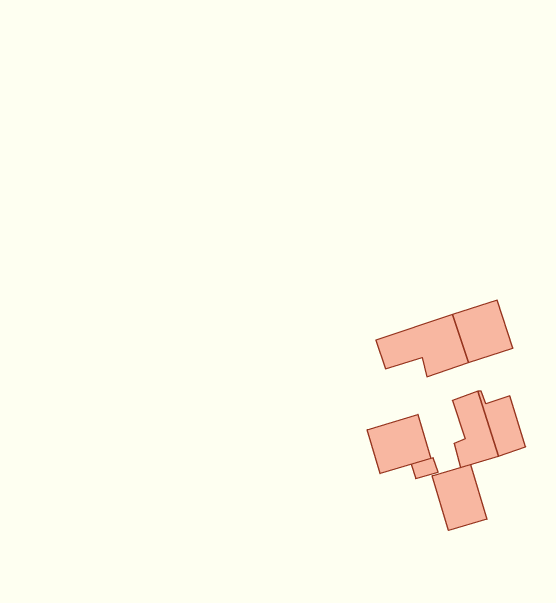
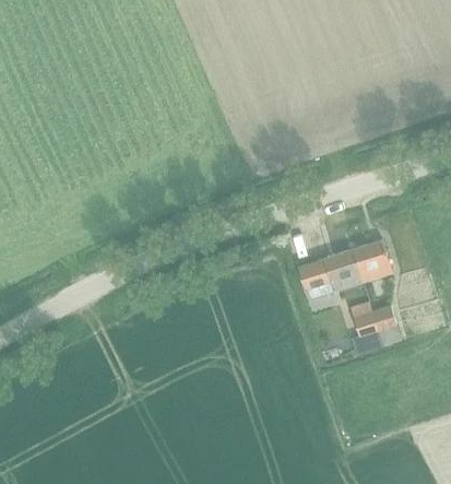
building: [367,414,431,474] -> none
building: [432,465,487,530] -> none

